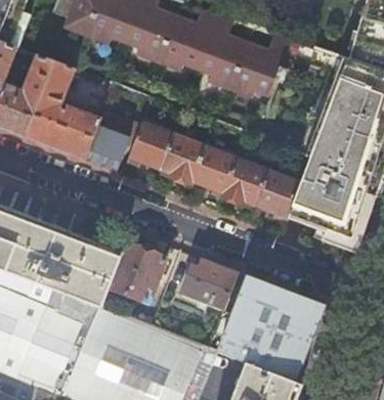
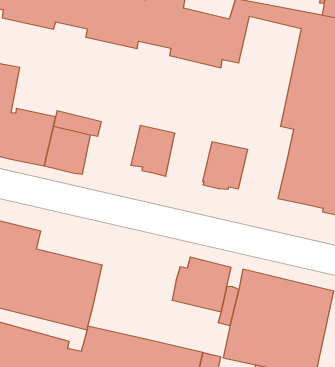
building: [129,123,174,169] -> none
building: [190,146,236,192] -> none
building: [253,170,300,217] -> none
building: [110,243,166,303] -> none

